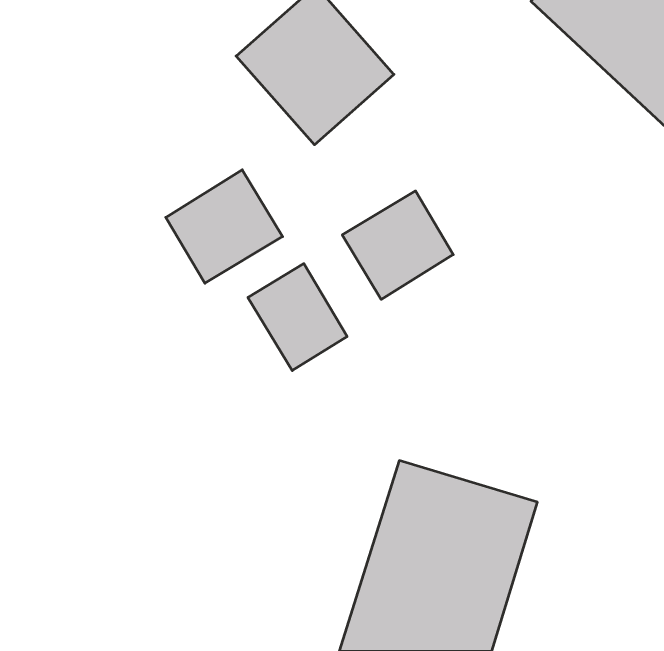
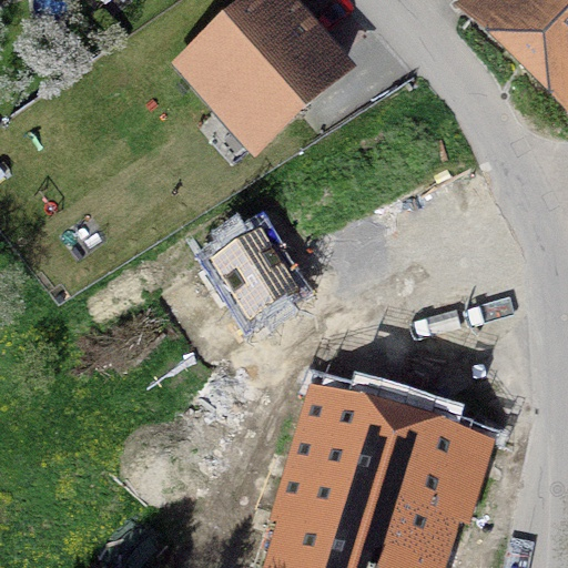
building: [166,170,283,283] -> none
building: [342,191,453,299] -> none

